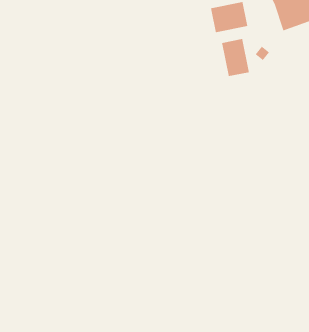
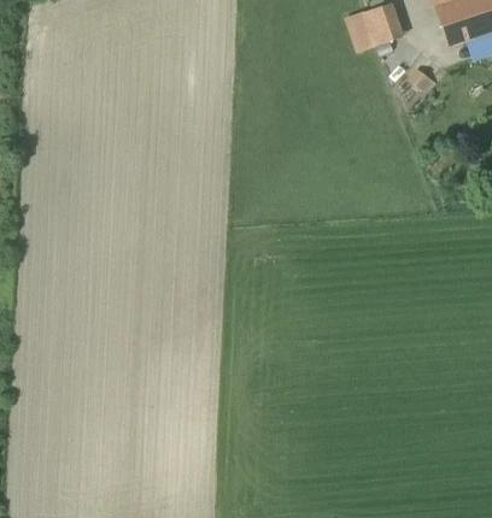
building: [222,38,250,77] -> none

